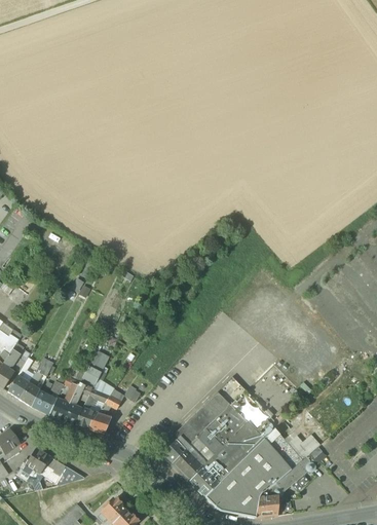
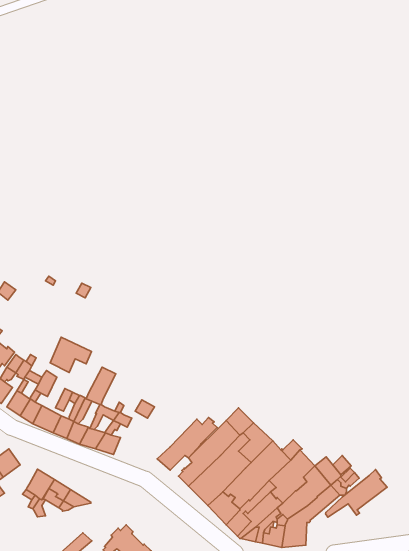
building: none -> [50,337,91,372]
building: none -> [157,417,217,470]
building: none -> [326,470,387,517]

